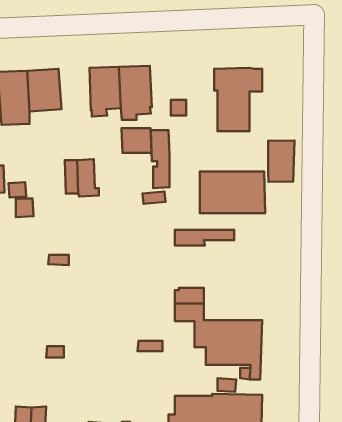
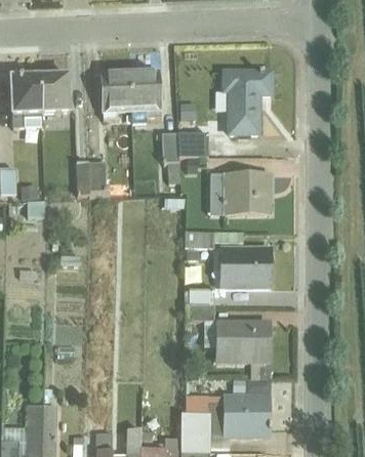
building: [121,128,152,153] -> [178,132,208,157]
building: [268,140,294,182] -> none
building: none -> [218,245,272,289]

